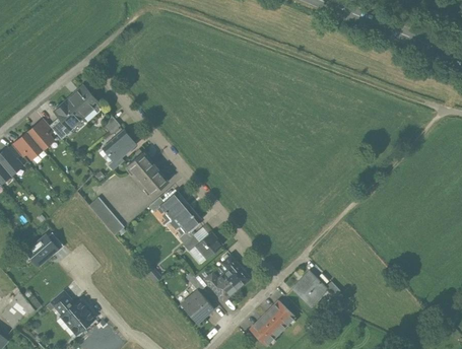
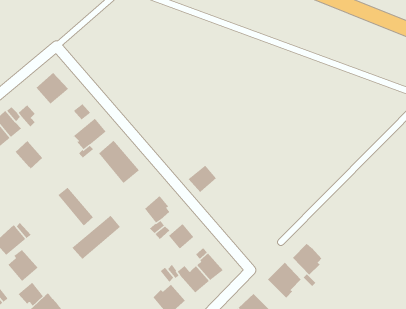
building: [54,100,81,129] -> [15,140,43,169]
building: [159,193,188,220] -> [188,165,217,193]
building: none -> [71,215,121,260]
building: none -> [292,243,322,276]
building: none -> [8,249,39,282]

